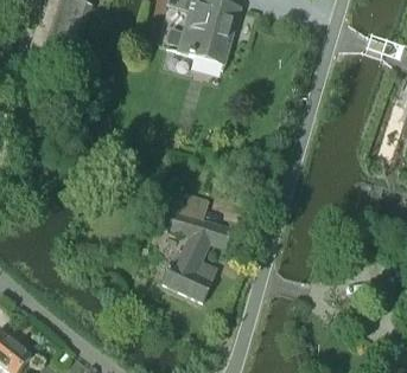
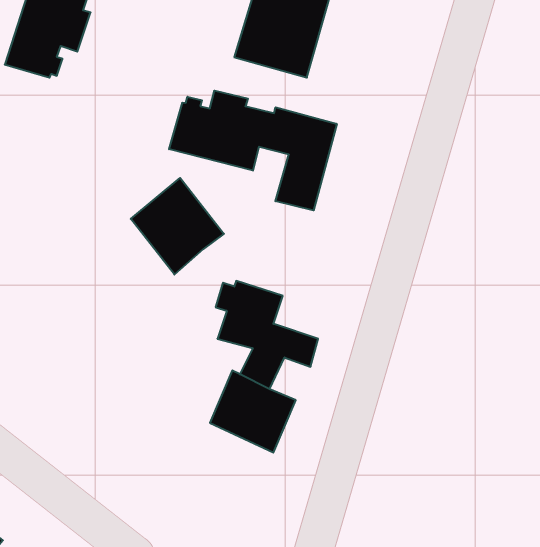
building: none -> [169,91,337,210]
building: none -> [131,178,224,275]

